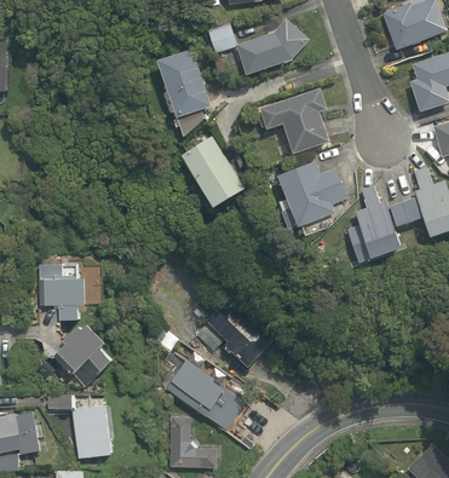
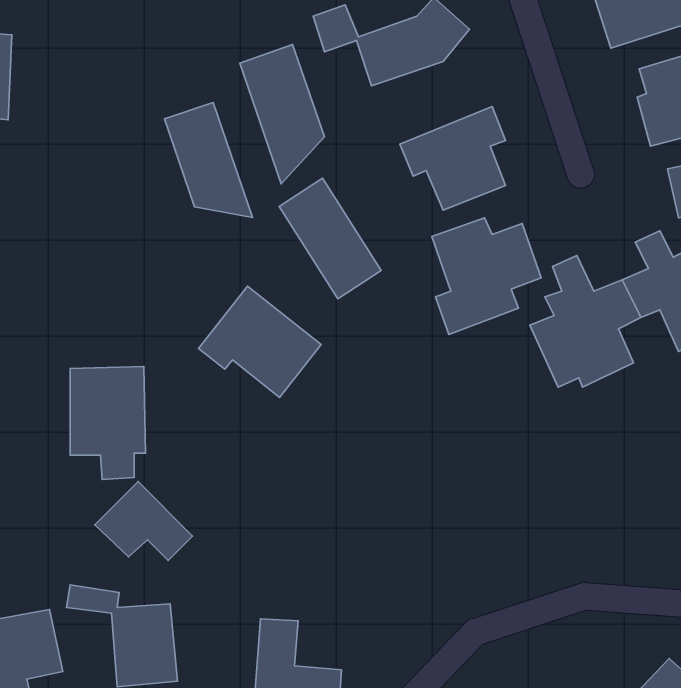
building: none -> [164,103,253,218]
building: [195,296,274,368] -> [199,286,321,397]
building: [163,358,249,434] -> none

